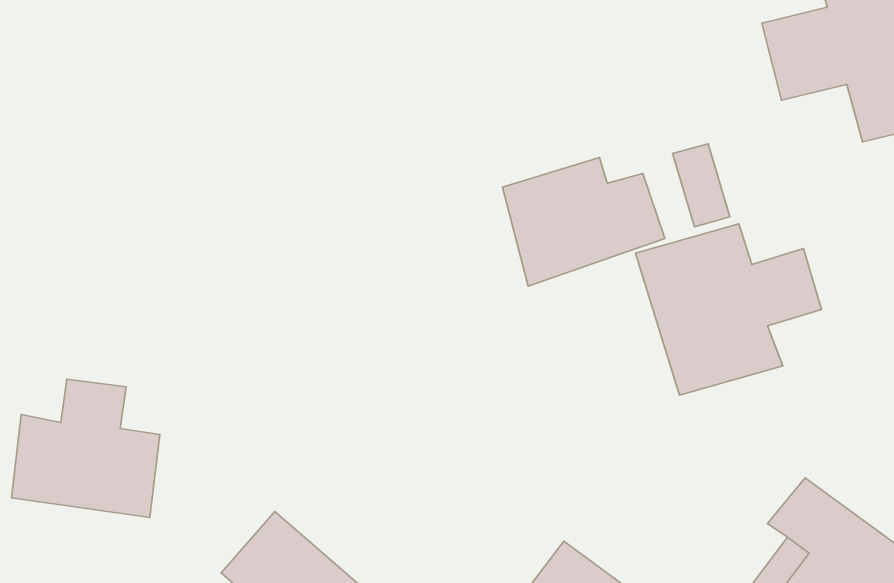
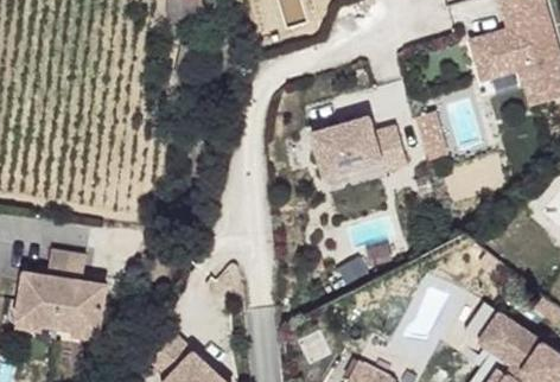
building: [635,224,822,395] -> none

